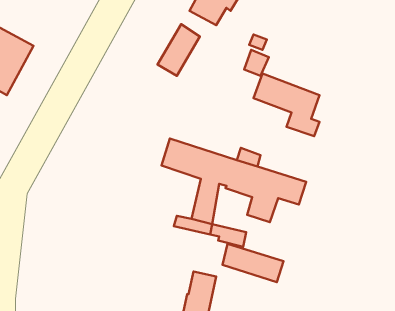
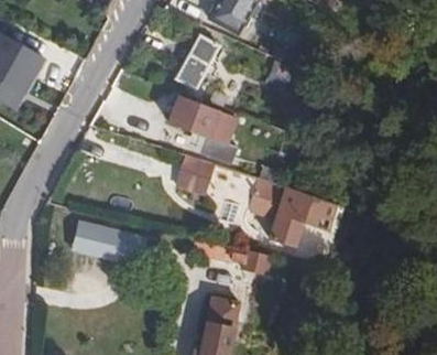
building: [253,73,319,136] -> [167,96,238,163]
building: none -> [70,222,143,262]
building: [223,244,283,282] -> none

